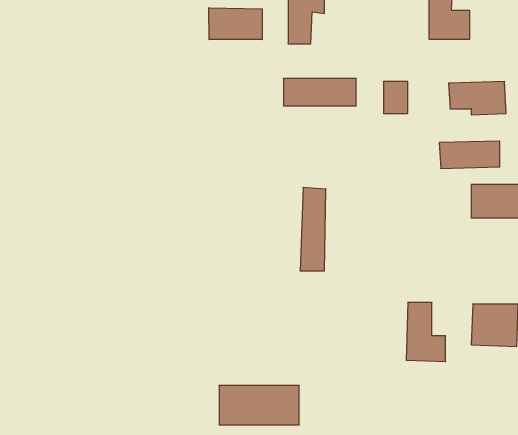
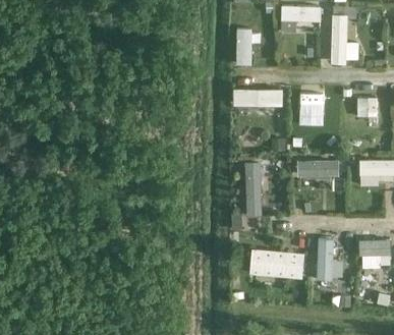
building: [209,8,262,40] -> none
building: [439,141,500,168] -> [296,160,337,178]
building: [219,385,299,425] -> [249,252,303,278]

